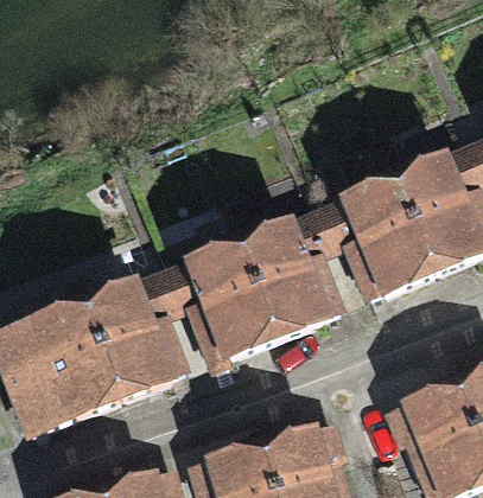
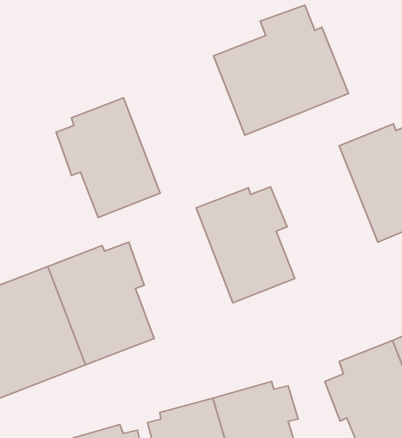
building: none -> [213,5,349,135]
building: [322,170,437,301] -> none
building: [170,236,281,364] -> [56,98,160,217]

